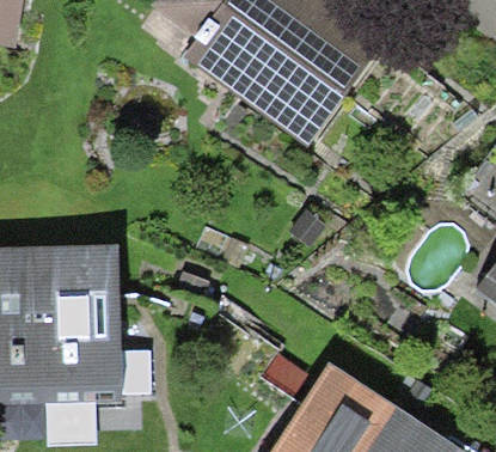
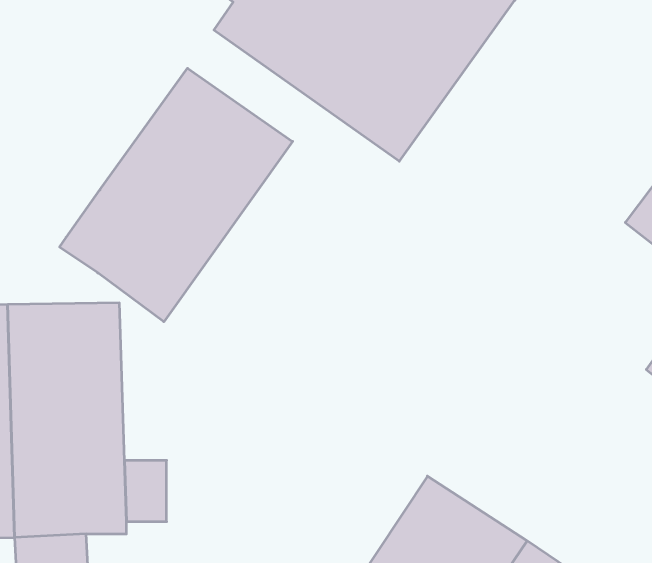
building: none -> [60,68,293,322]

